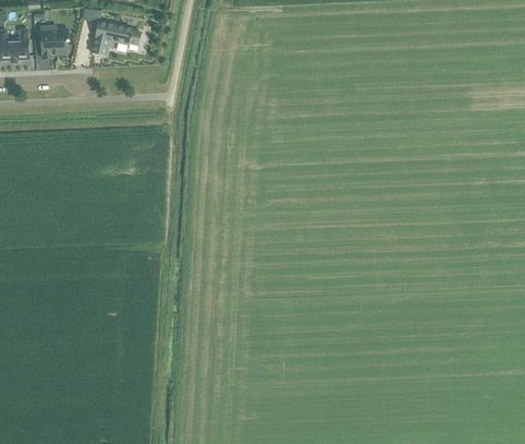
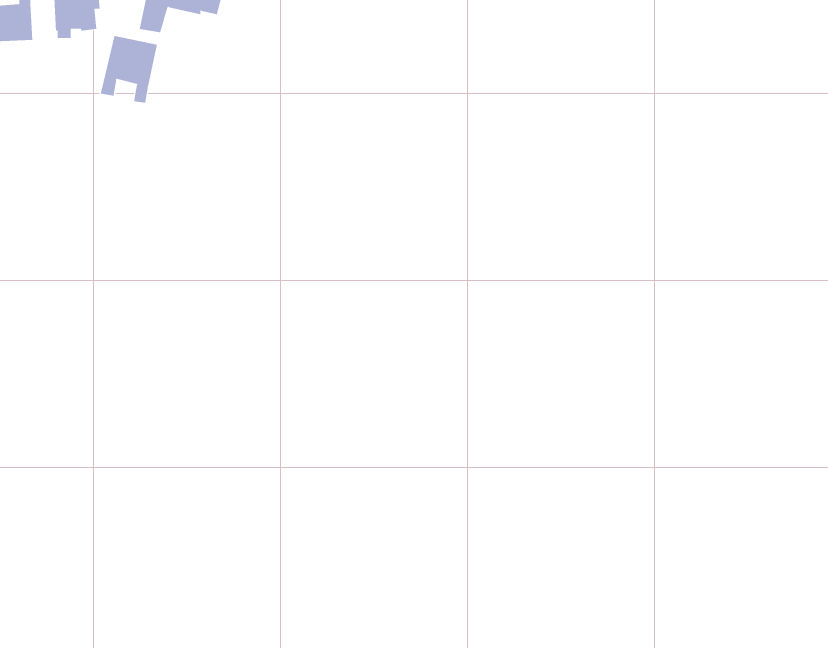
building: none -> [100,35,158,104]

